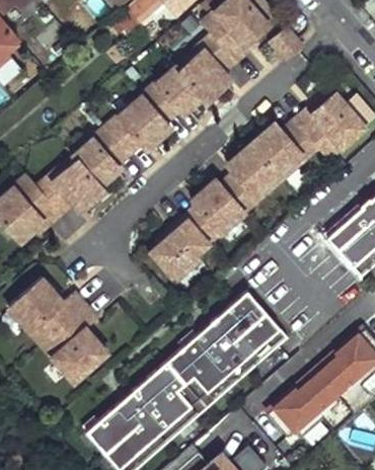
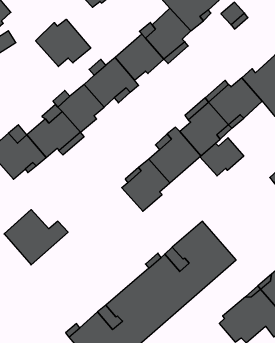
building: none -> [36,19,91,67]
building: none -> [200,138,244,176]
building: [42,304,107,380] -> none

